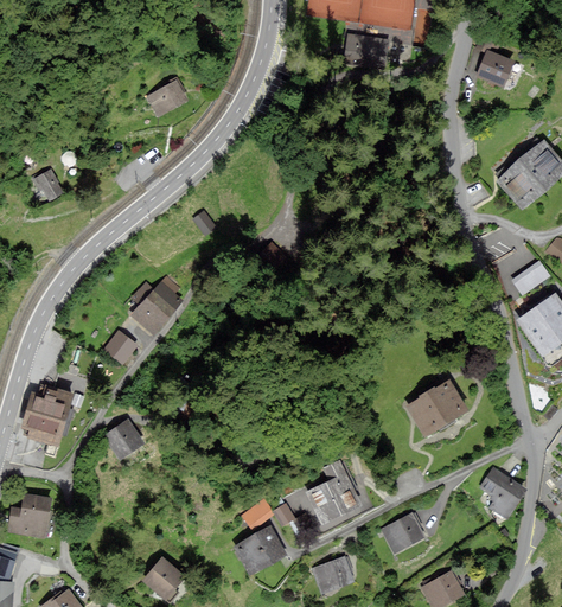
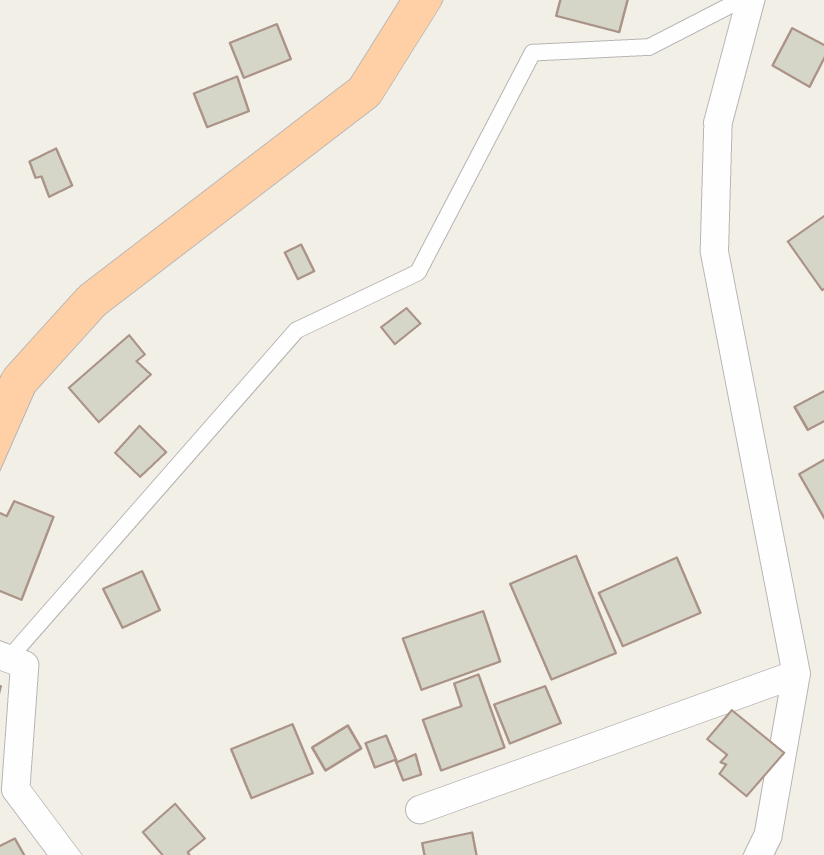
building: none -> [194,76,249,127]
building: [133,277,181,332] -> [69,335,151,422]
building: none -> [510,556,616,680]
building: none -> [403,611,500,690]
building: [382,515,423,551] -> [494,686,561,743]
building: [234,526,285,574] -> [231,724,313,798]

